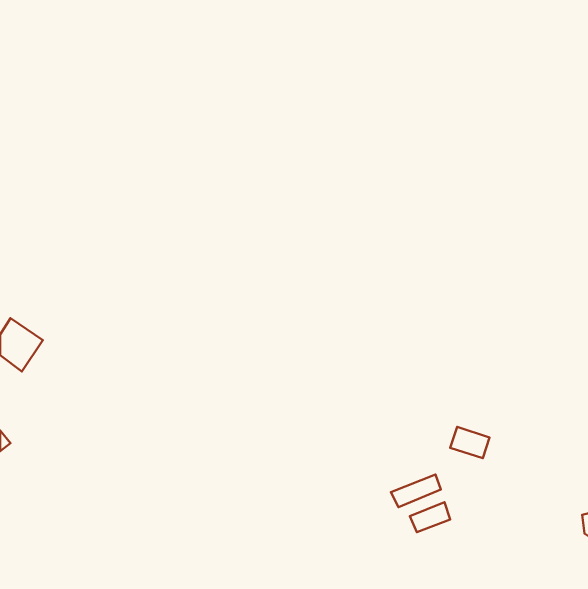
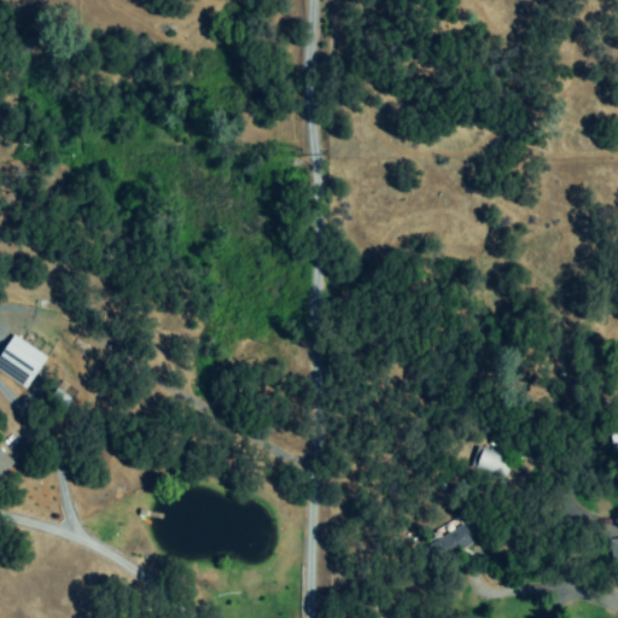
building: [391,474,441,507] -> none

